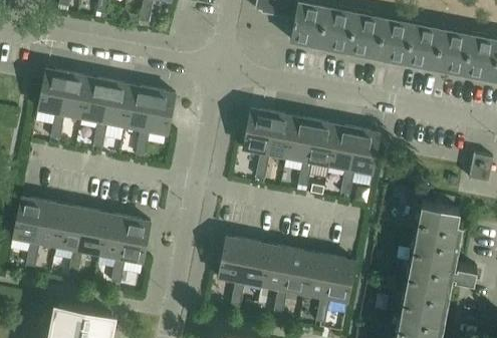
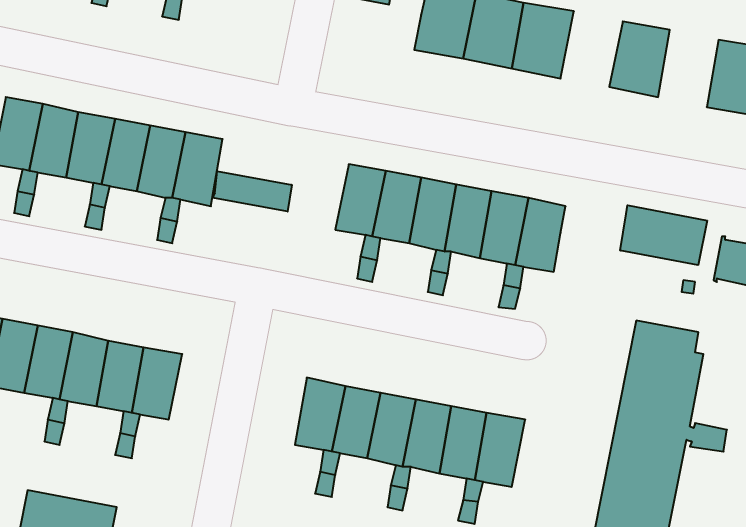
building: [377,19,414,64] -> none
building: [435,30,471,76] -> none
building: none -> [213,171,292,212]
building: none -> [620,205,707,265]

